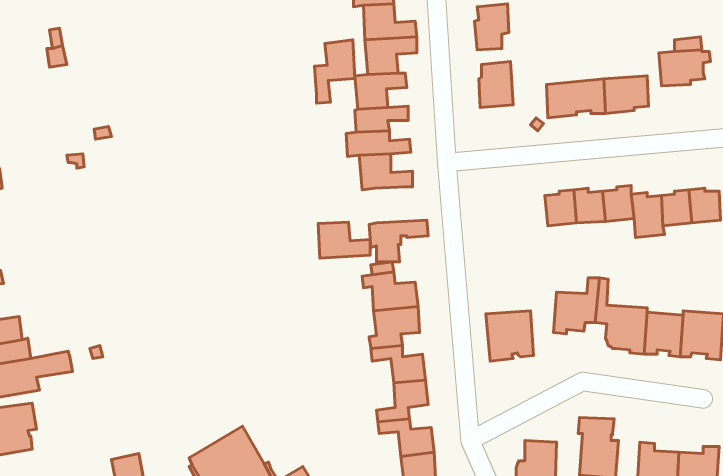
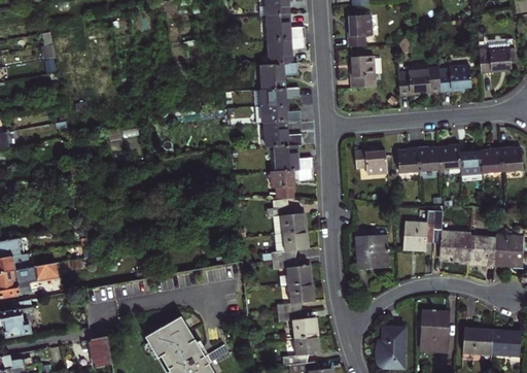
building: [315,40,355,103] -> none
building: none -> [354,149,387,174]
building: [318,222,370,258] -> [275,145,312,171]

